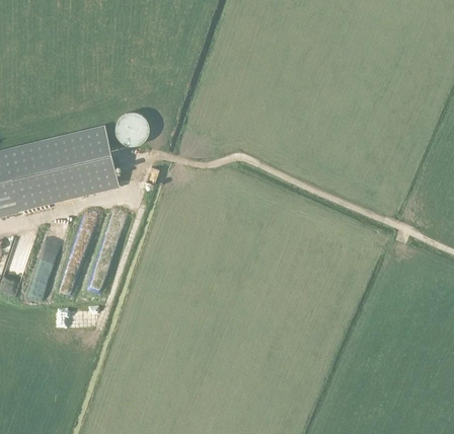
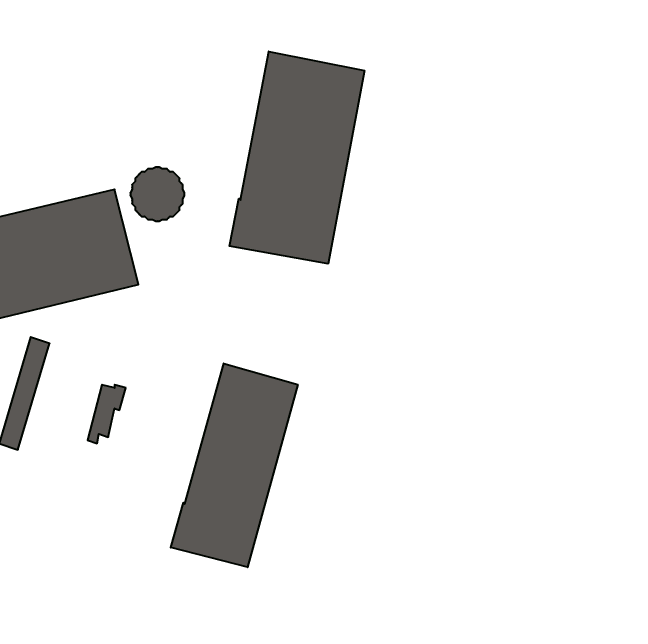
building: none -> [229,51,364,264]
building: none -> [171,363,298,567]

